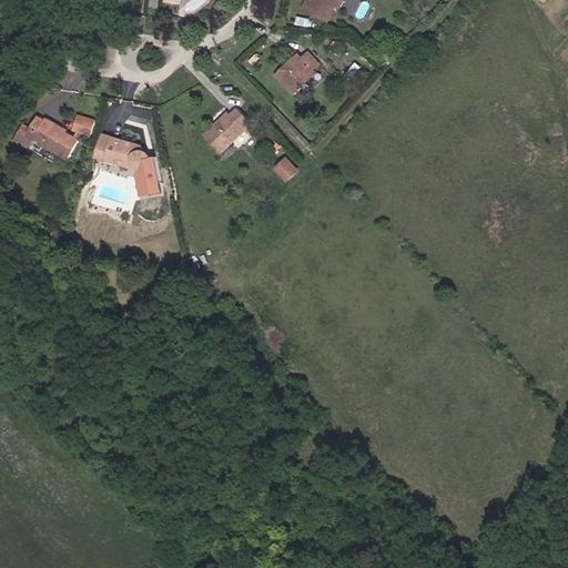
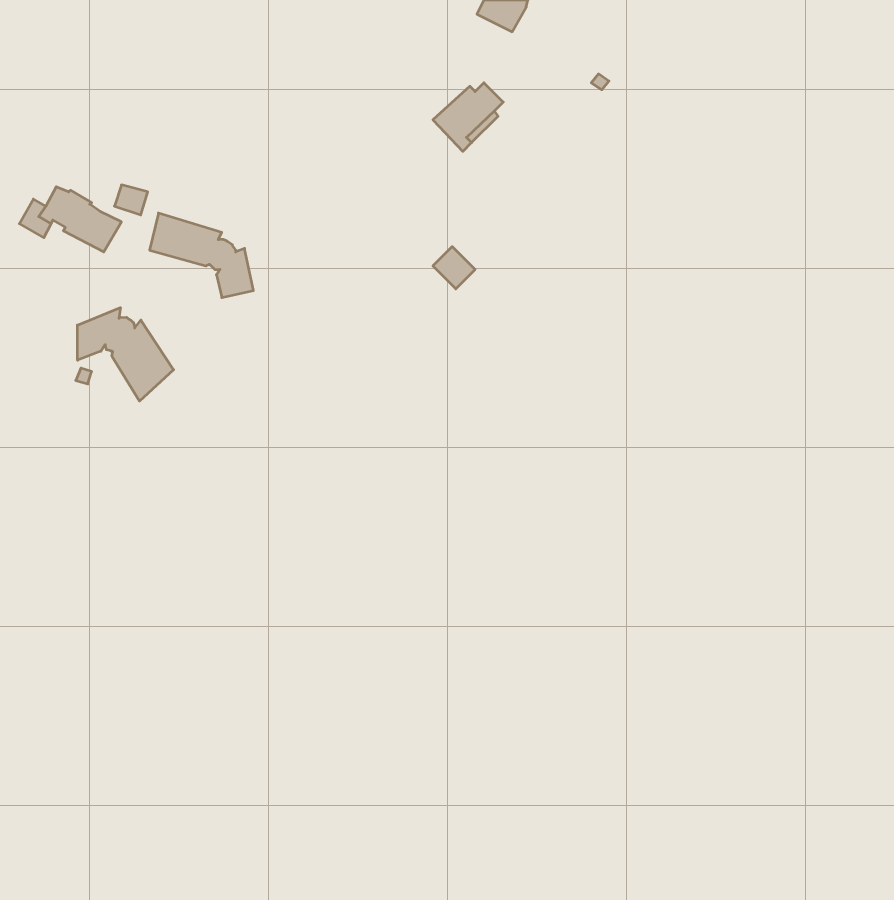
building: [202,109,253,154] -> none
building: none -> [77,308,174,401]

